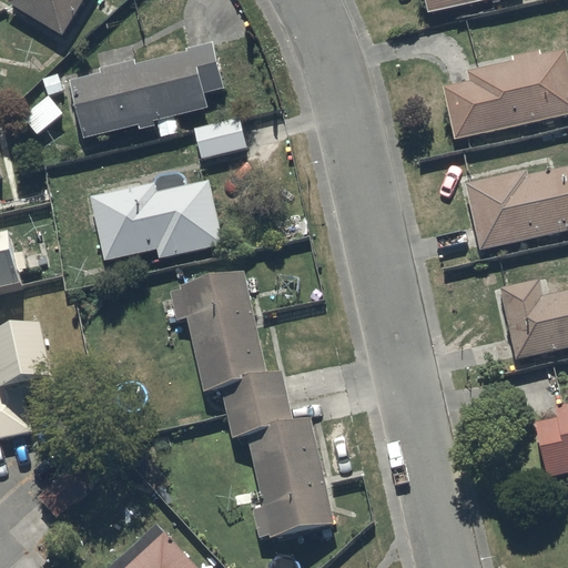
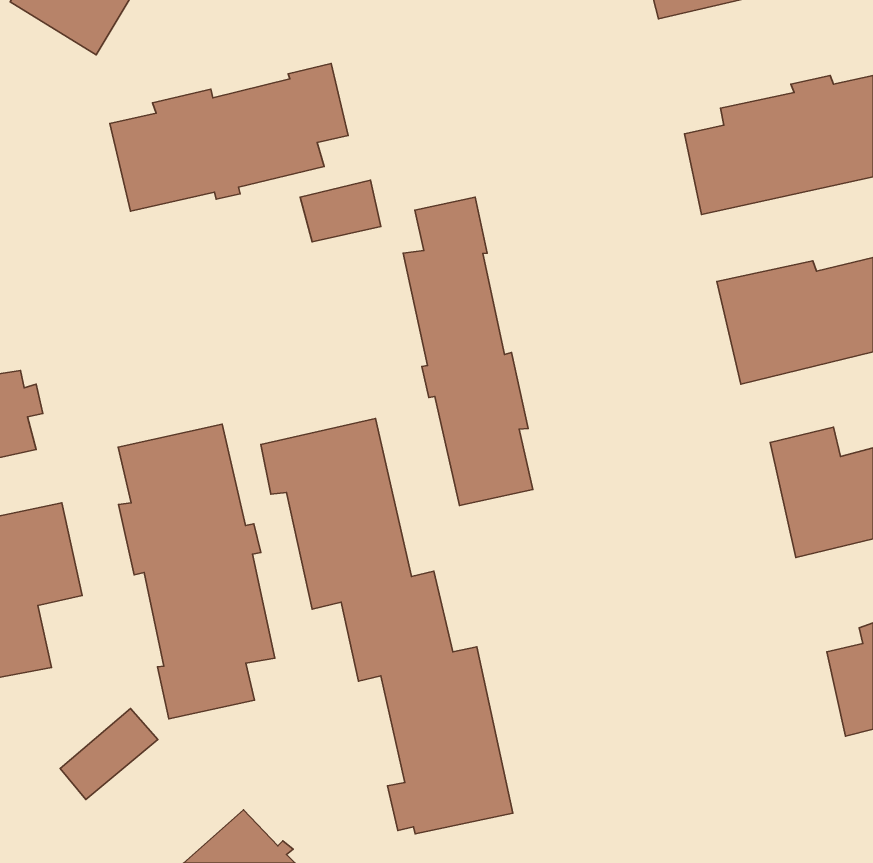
building: none -> [403,197,533,506]
building: [92,179,225,258] -> none
building: none -> [118,424,275,719]

